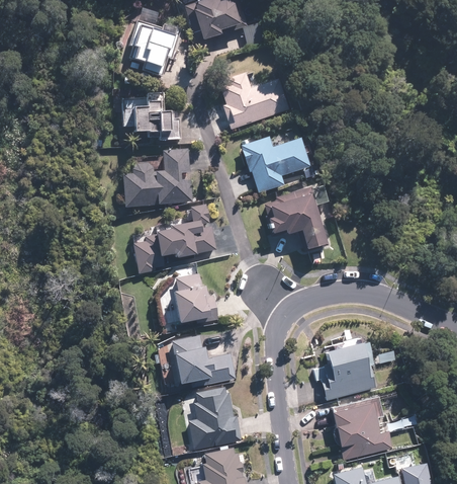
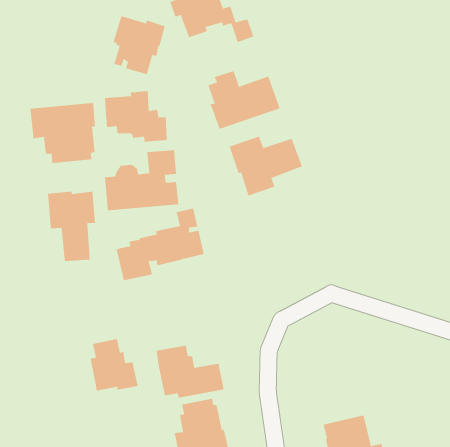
building: none -> [30,102,95,164]
building: [265,187,328,250] -> none
building: none -> [47,191,96,262]
building: [173,273,219,324] -> [90,338,139,391]
building: [323,342,374,400] -> none

